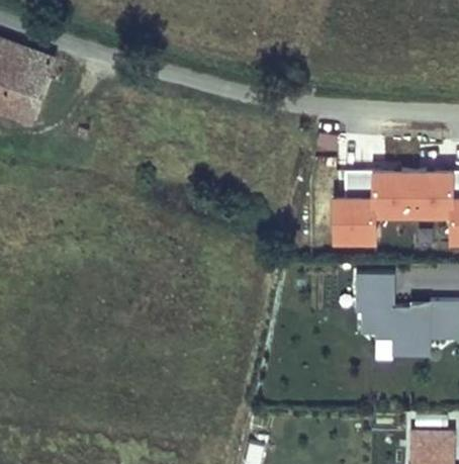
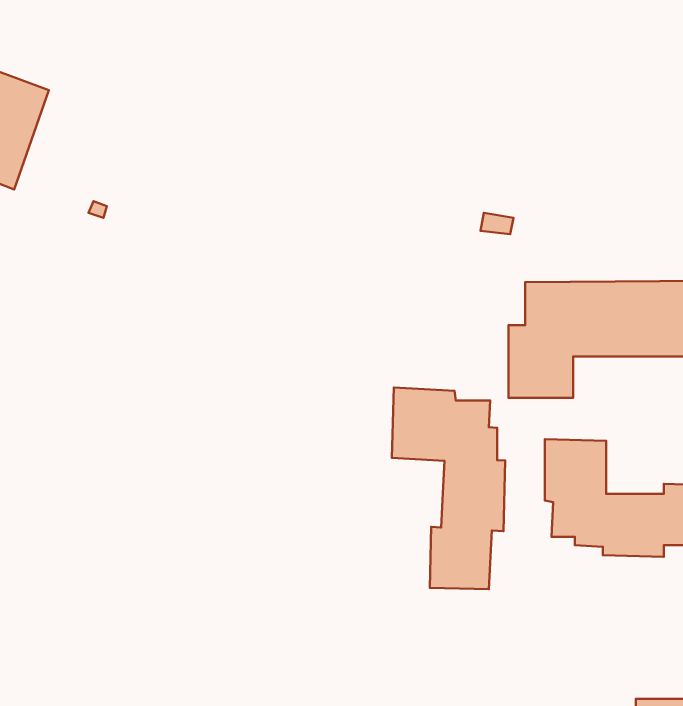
building: none -> [392,387,505,589]

